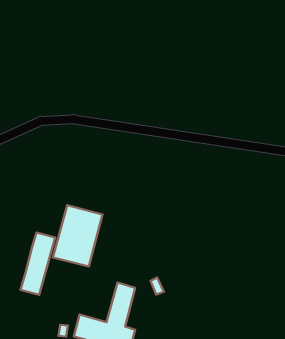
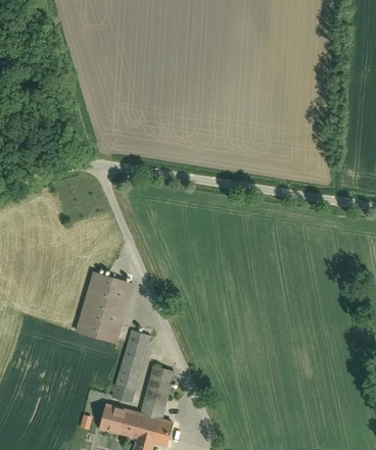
building: [21,233,55,295] -> [109,331,151,406]

